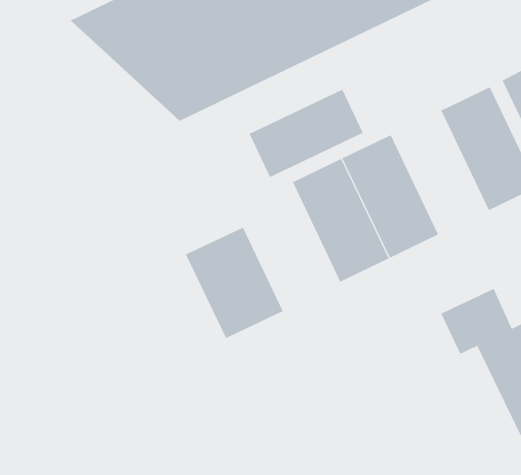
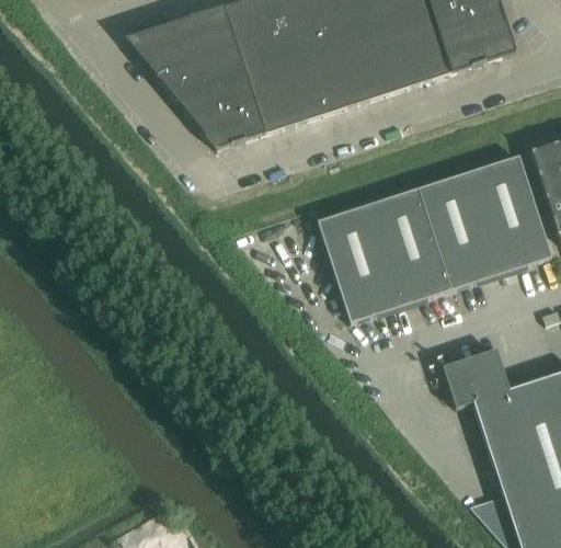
building: [249,89,363,178] -> none
building: none -> [419,170,502,288]
building: [185,227,284,339] -> none

